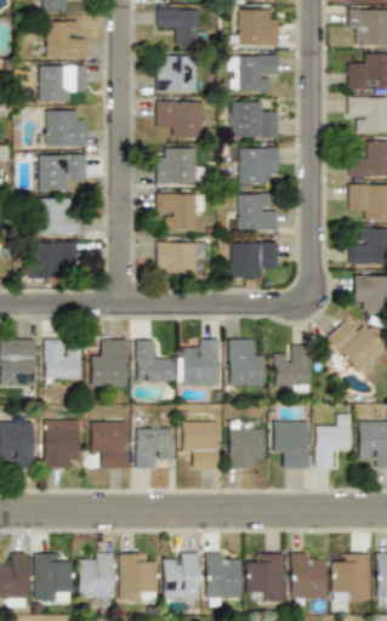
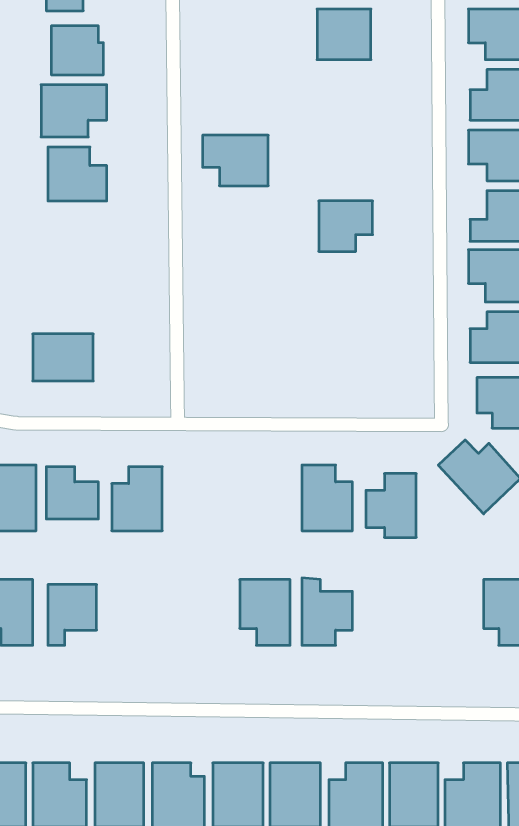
building: [158,10,199,39] -> none
building: [228,55,279,91] -> none
building: [156,56,199,91] -> none
building: [232,102,278,138] -> none
building: [156,148,201,183] -> none
building: [40,155,87,190] -> none
building: [158,194,205,229] -> none
building: [232,194,279,230] -> none
building: [36,199,70,234] -> none
building: [156,241,205,279] -> none
building: [232,241,278,279] -> none
building: [178,338,223,386] -> none
building: [136,340,172,382] -> none
building: [315,415,352,468] -> none
building: [273,421,309,468] -> none
building: [91,422,127,468] -> none
building: [136,428,173,468] -> none

